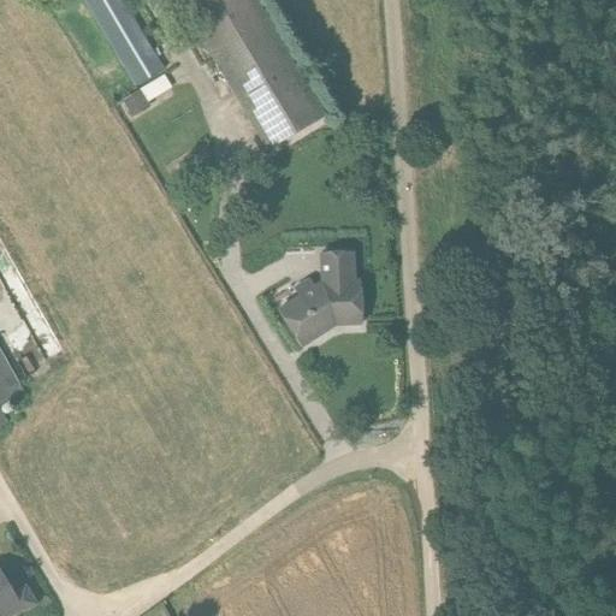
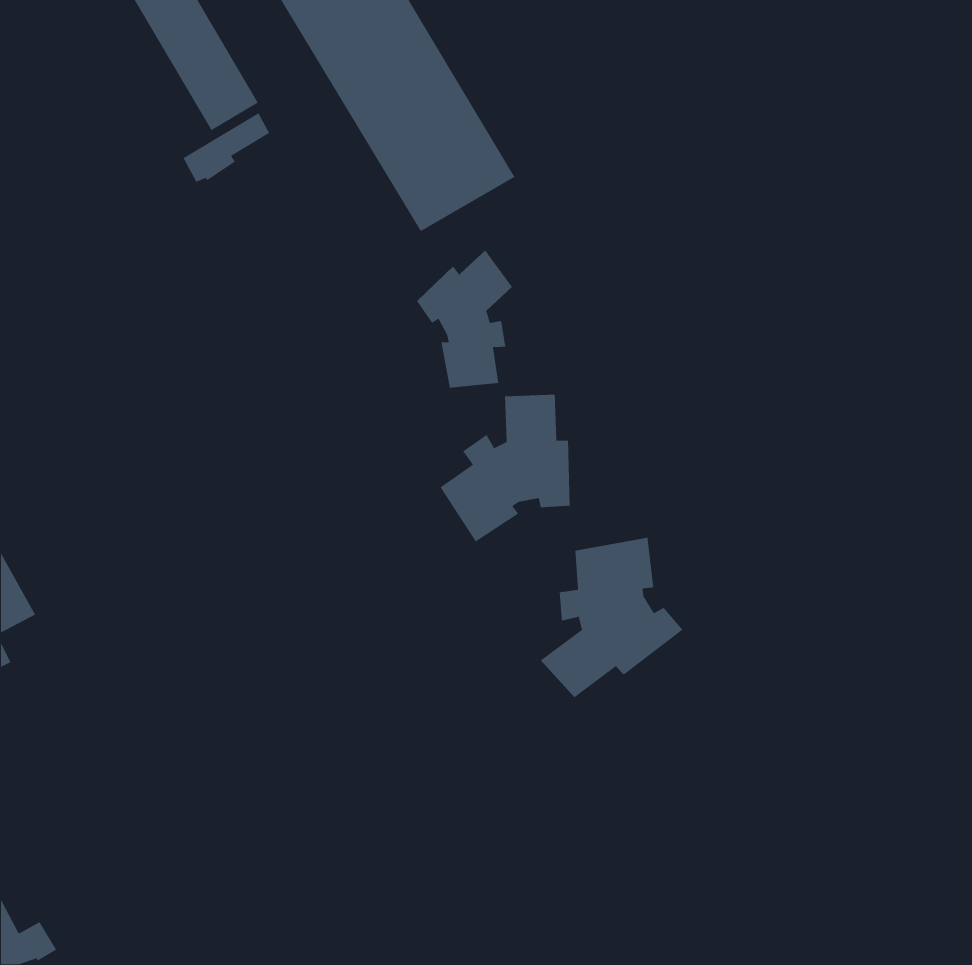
building: none -> [416,250,513,388]
building: none -> [540,537,684,698]

